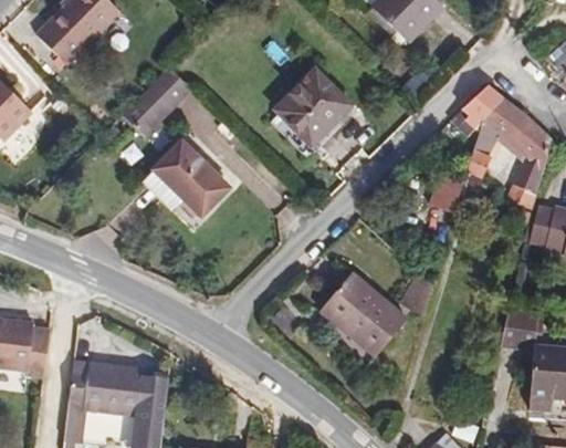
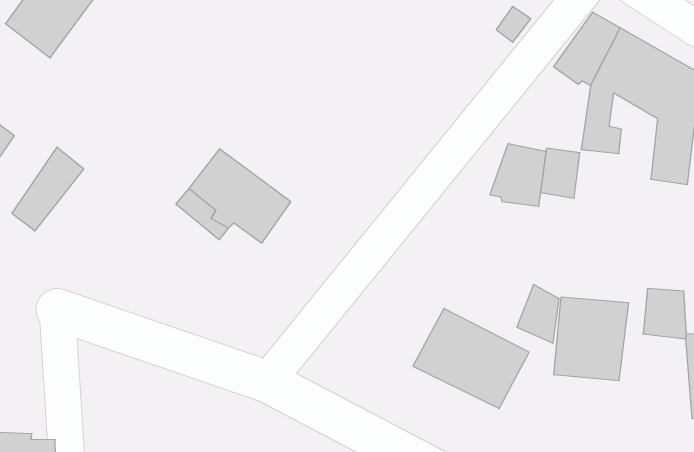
building: [283,73,357,148] -> none
building: [130,74,188,134] -> [12,147,84,231]
building: none -> [490,143,546,207]
building: none -> [554,297,629,381]

